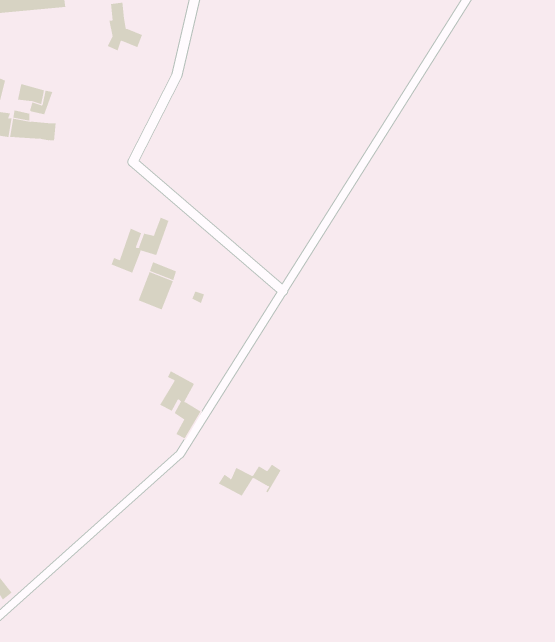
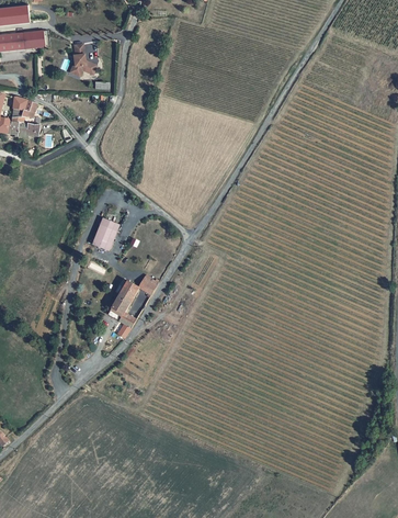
building: [111,217,169,273] -> none
building: [218,464,281,497] -> [115,278,158,300]

